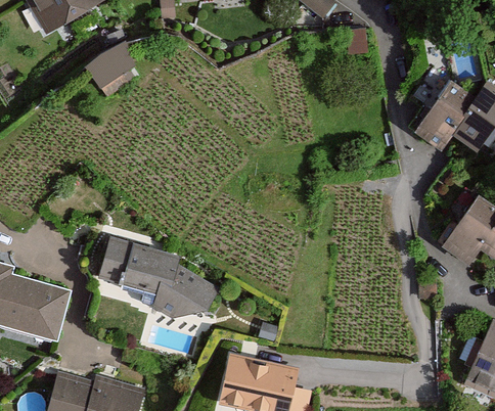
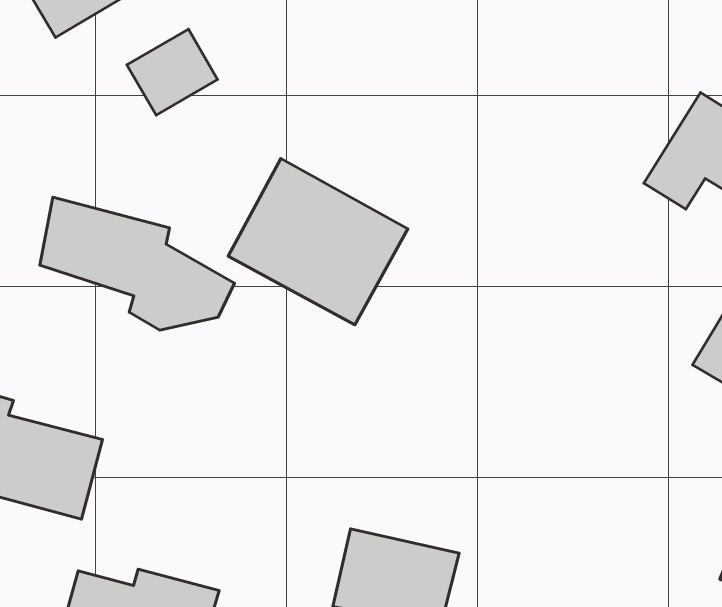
building: none -> [228,159,408,325]
building: [102,238,225,322] -> [40,197,234,330]

